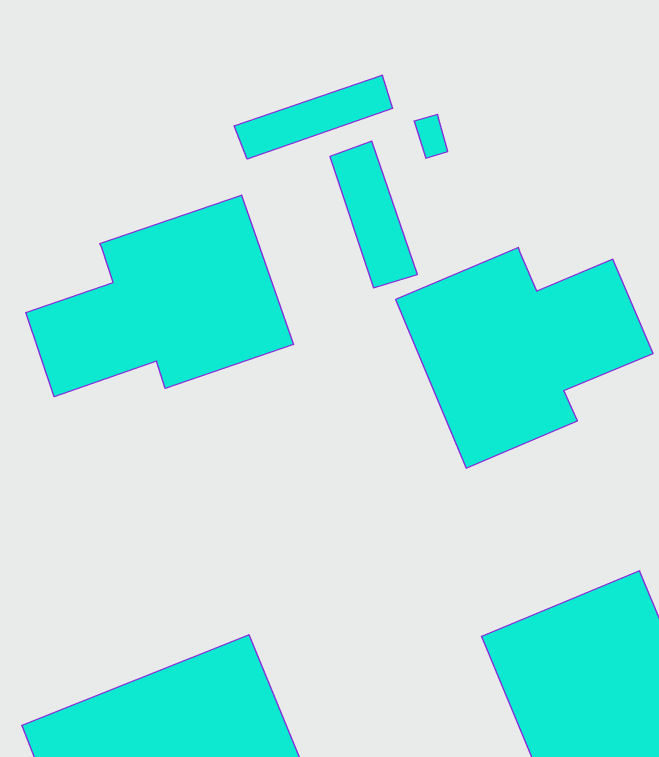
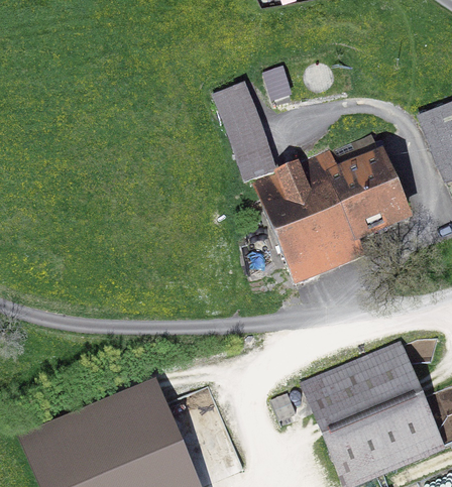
building: [234,75,393,159] -> none
building: [26,195,293,397] -> none

